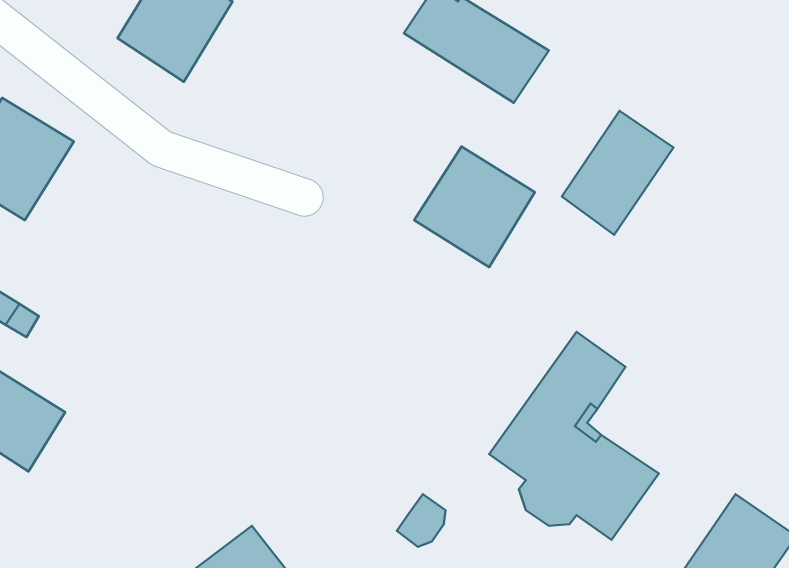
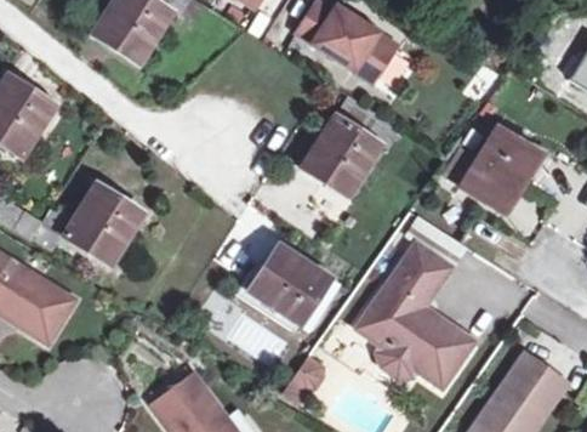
building: [562,111,674,235] -> [461,127,538,214]
building: none -> [73,178,159,266]
building: none -> [250,240,334,320]

